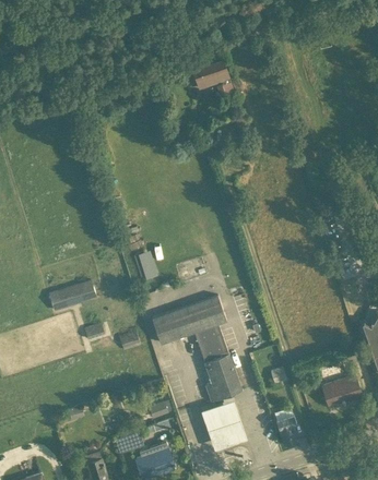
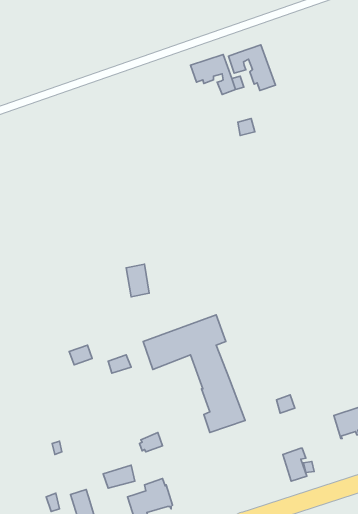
building: none -> [229,45,275,91]
building: [49,280,97,311] -> none
building: [200,399,246,448] -> none

